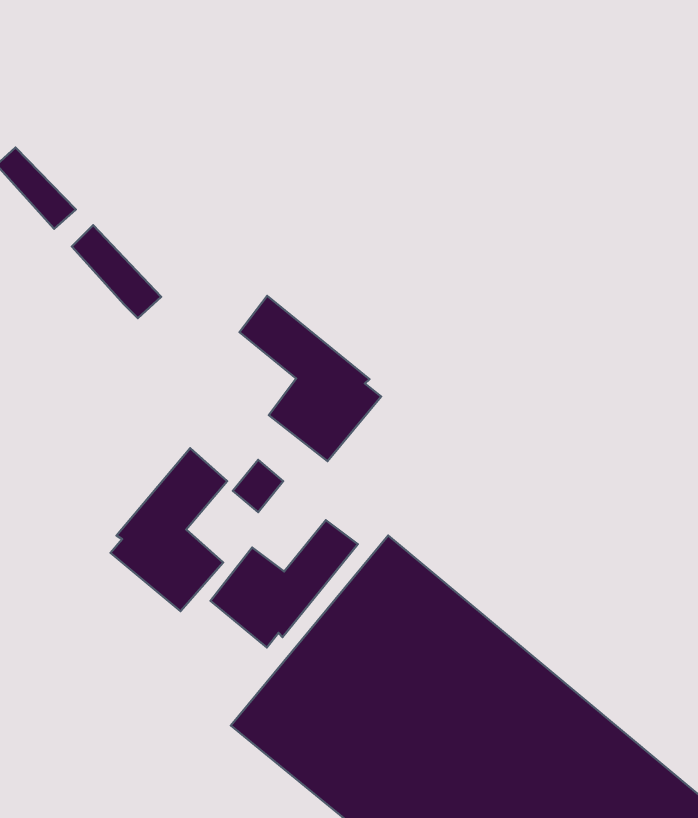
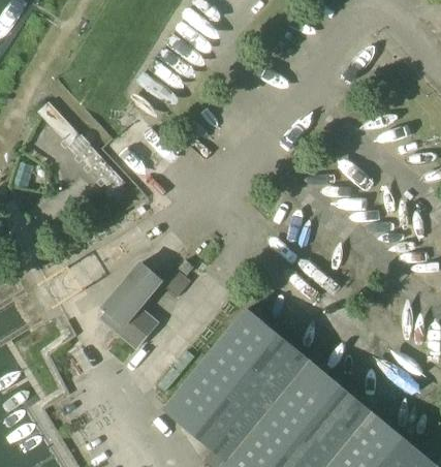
building: [239,296,381,461] -> none
building: [210,520,358,647] -> none

